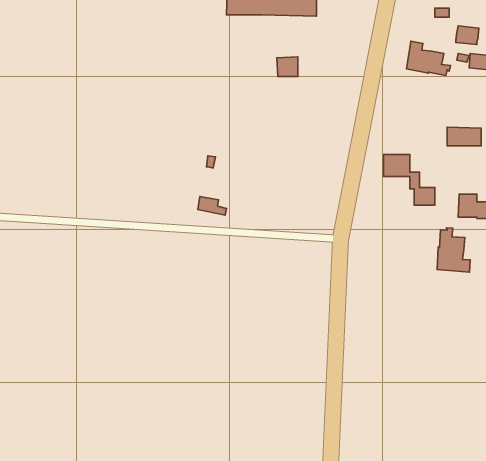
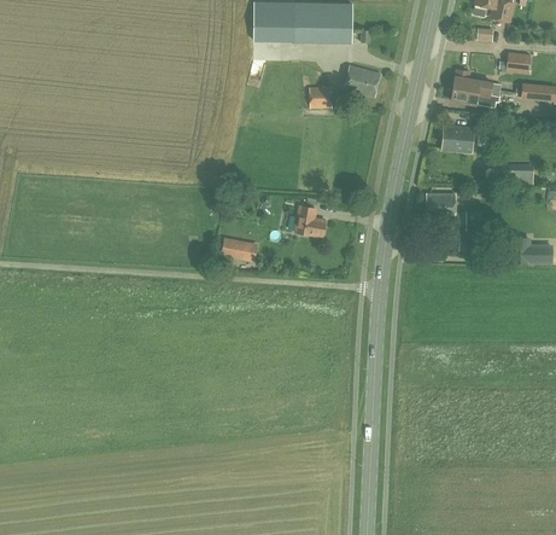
building: none -> [344,65,380,97]
building: none -> [441,124,474,152]
building: none -> [295,205,326,235]
building: [437,228,470,272] -> none

